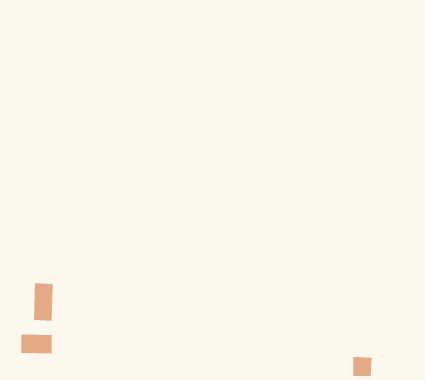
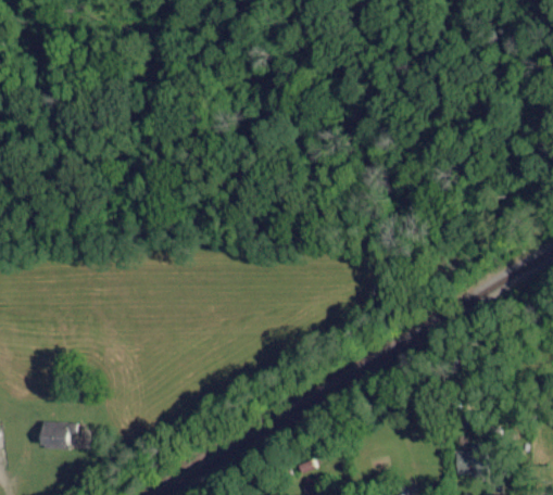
building: [33,283,53,322] -> none

